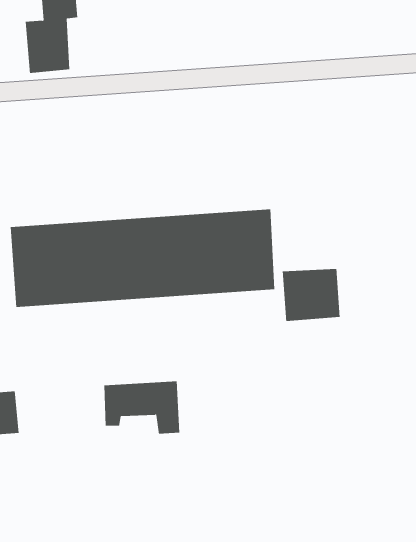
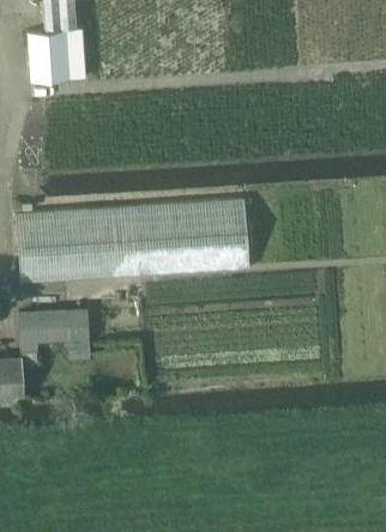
building: [282,268,340,322] -> none
building: [104,381,180,434] -> [23,310,90,357]

